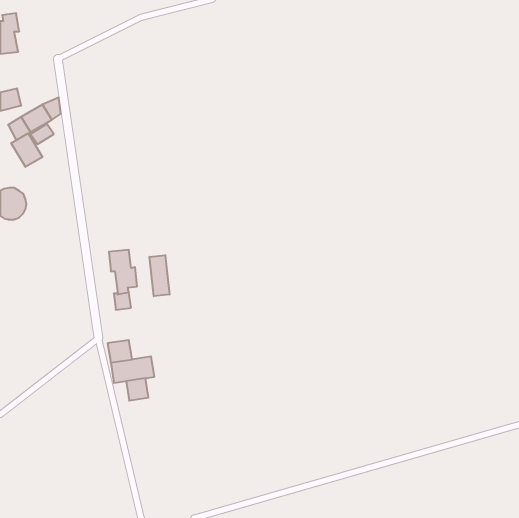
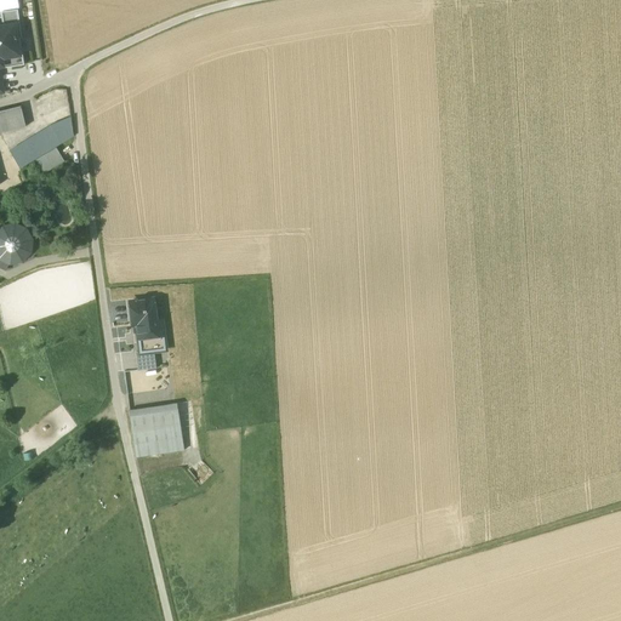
building: [11,133,42,167] -> none
building: [150,255,169,296] -> none
building: [126,378,148,401] -> [154,403,181,429]

